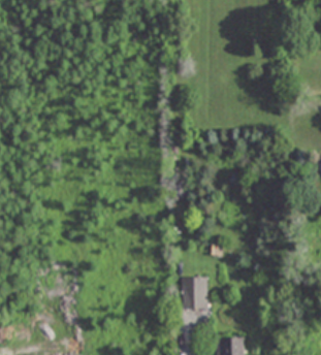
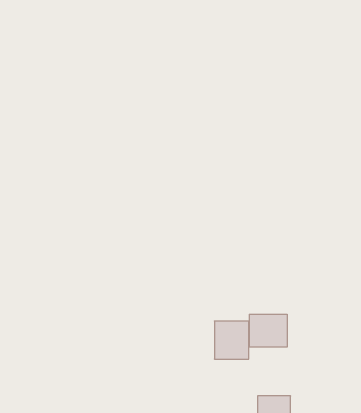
building: none -> [249,314,287,347]

